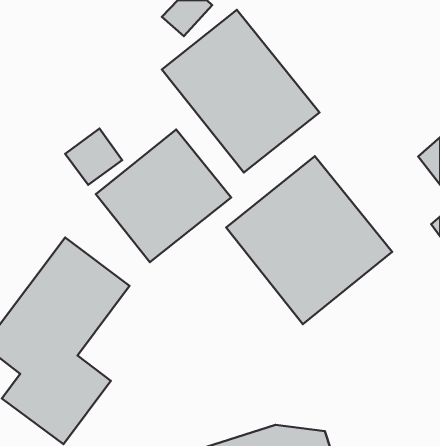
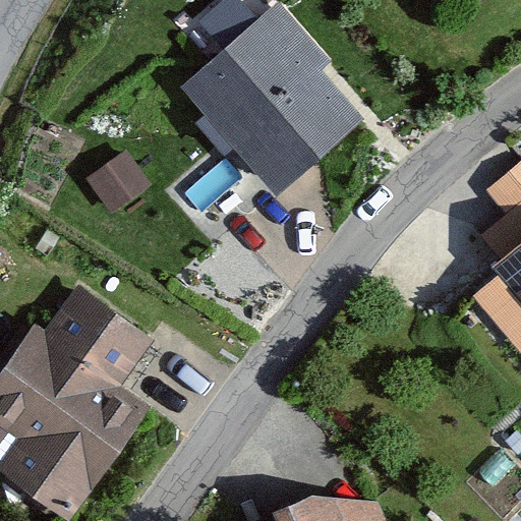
building: [96,130,231,262] -> none
building: [226,156,392,324] -> none

